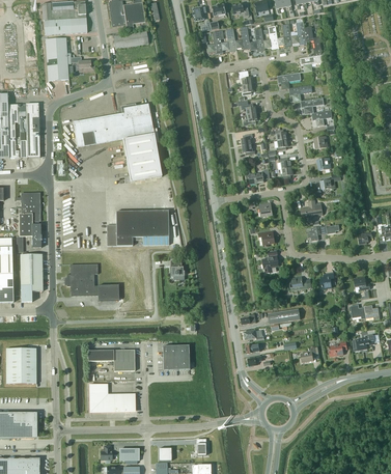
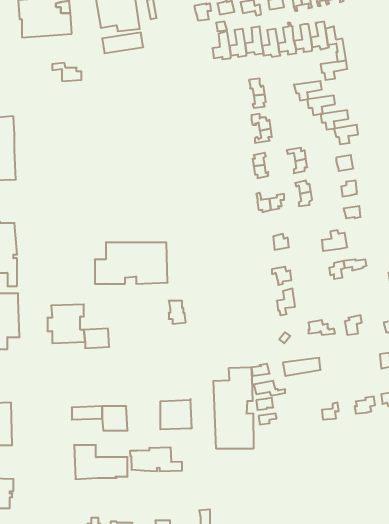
building: [46,37,68,80] -> none
building: [73,103,161,180] -> none
building: none -> [214,367,253,449]
building: none -> [130,447,182,471]

